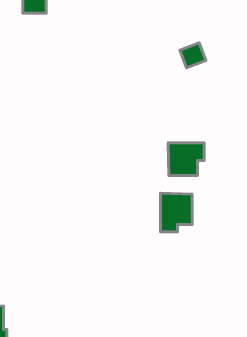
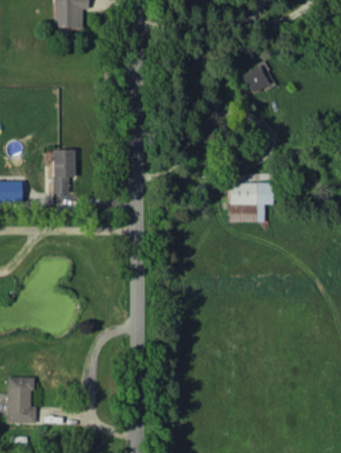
building: none -> [52,149,73,193]
building: [160,193,192,232] -> none

